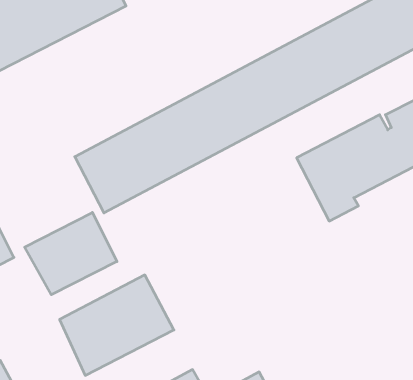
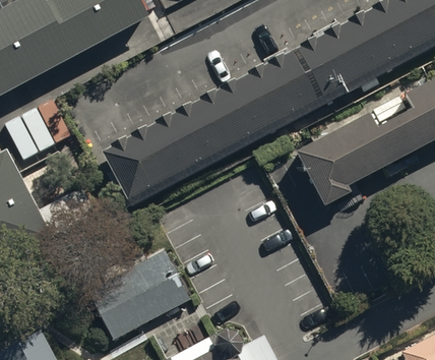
building: [25,212,117,295] -> none

